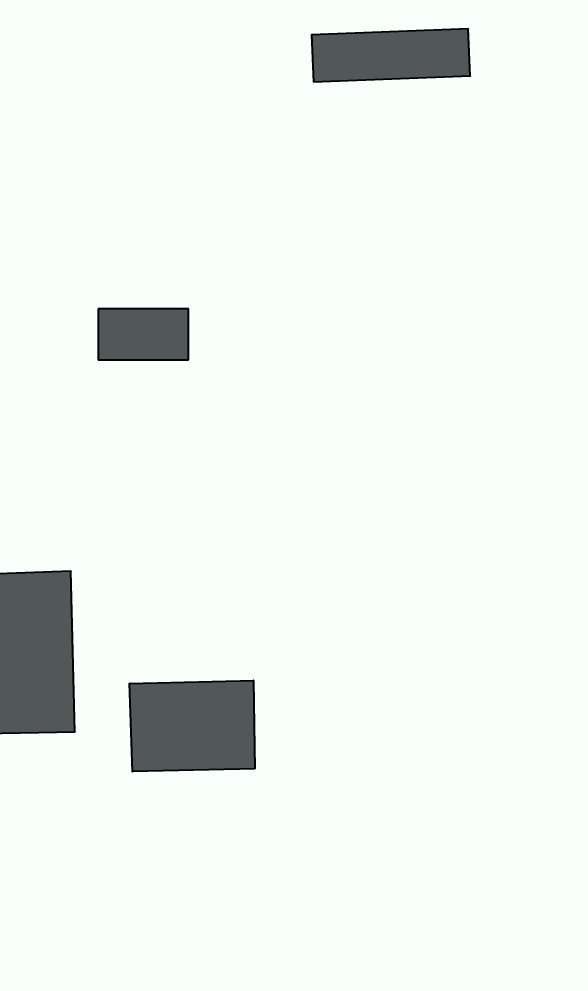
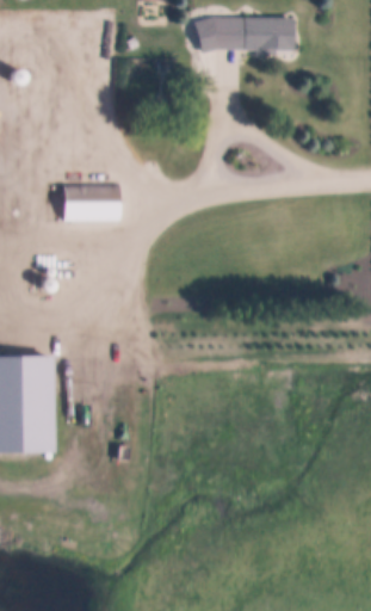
building: [130,680,255,772] -> none

